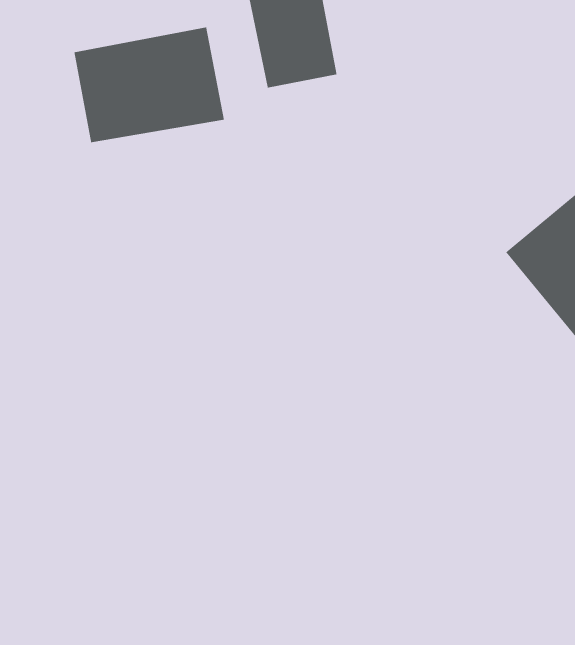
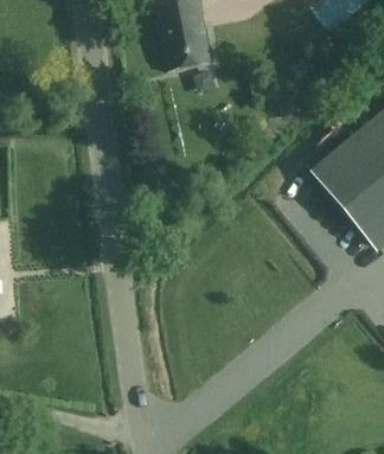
building: [73,26,225,143] -> none

